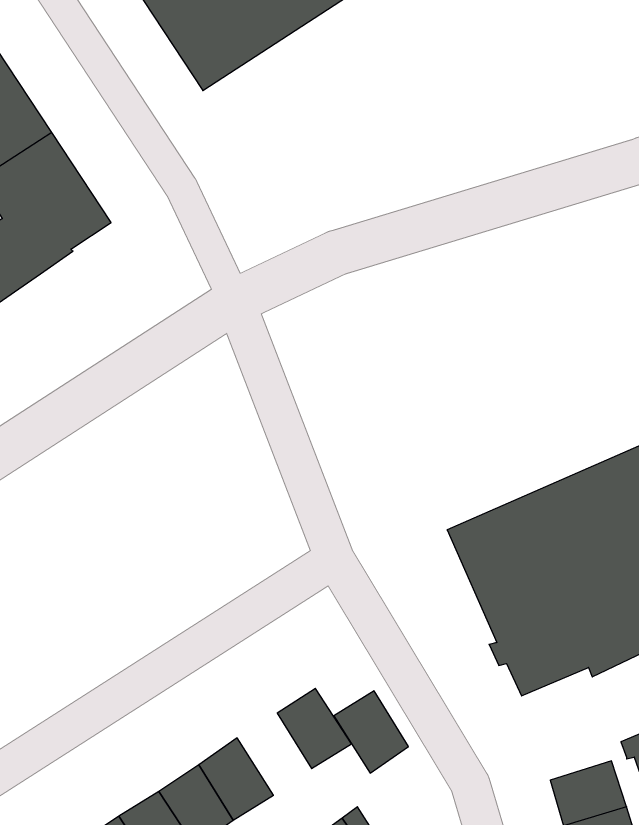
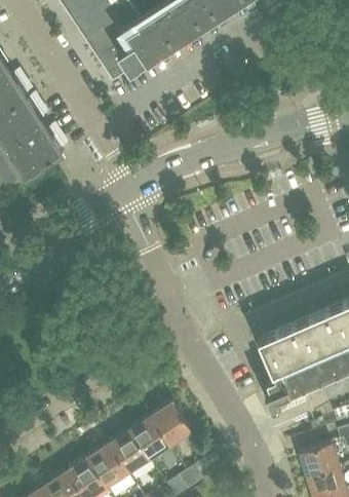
building: [334,691,408,773] -> [131,415,171,459]

